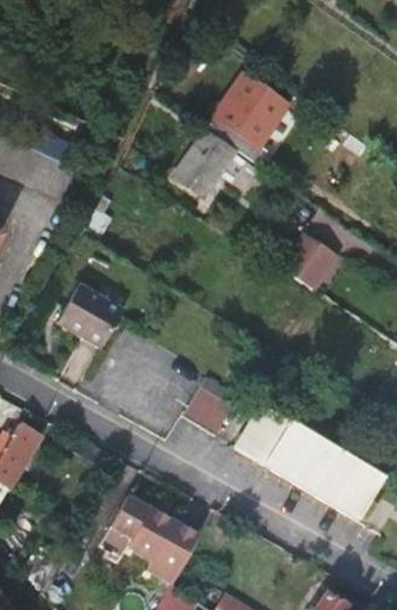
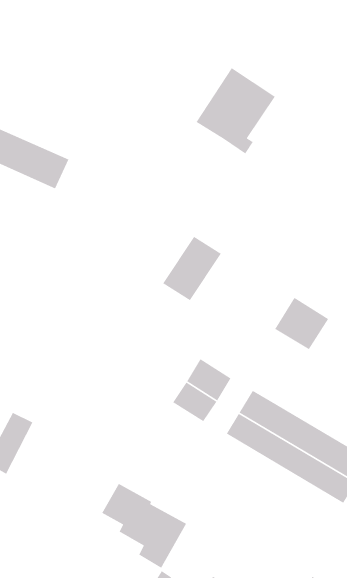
building: [174,129,235,195] -> [162,236,222,301]
building: [278,231,334,286] -> [274,297,329,350]
building: [54,282,119,346] -> none

